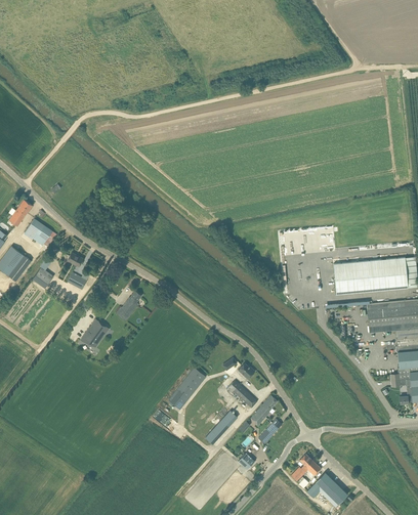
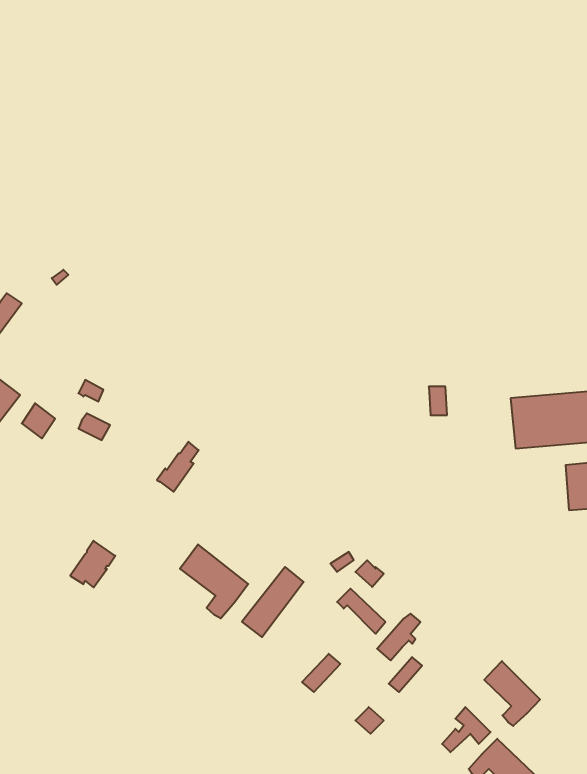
building: [24,218,55,246] -> none
building: [79,318,107,347] -> [70,541,115,587]
building: none -> [180,544,248,618]
building: none -> [484,661,540,726]

